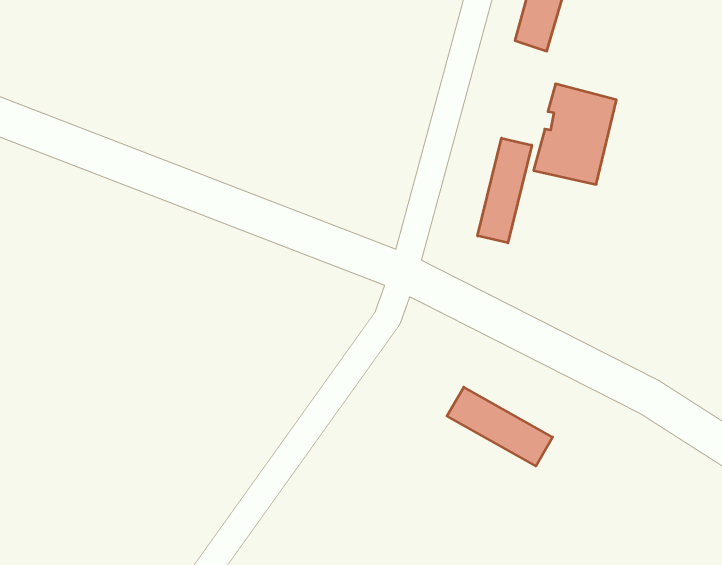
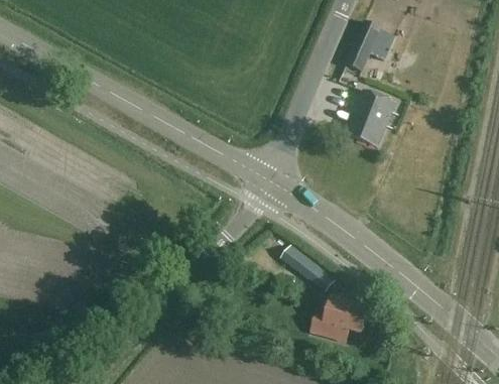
building: [478,138,532,243] -> none
building: none -> [309,295,368,342]

